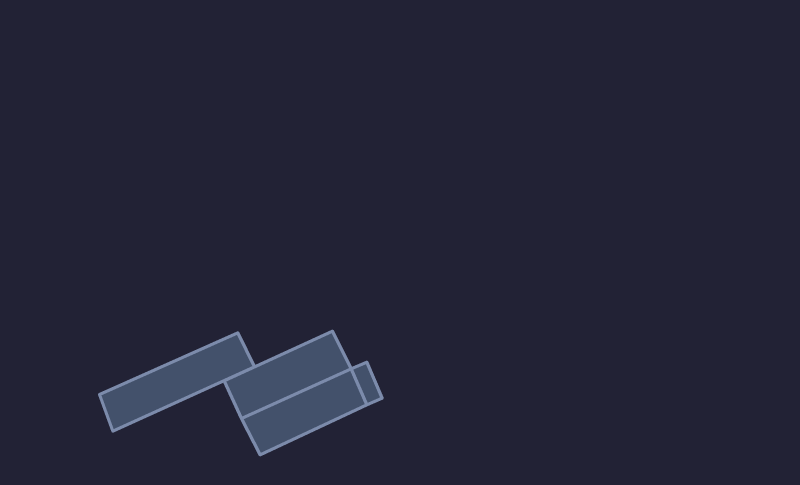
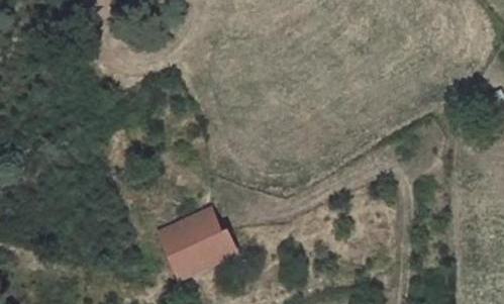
building: [99,333,254,431] -> none

